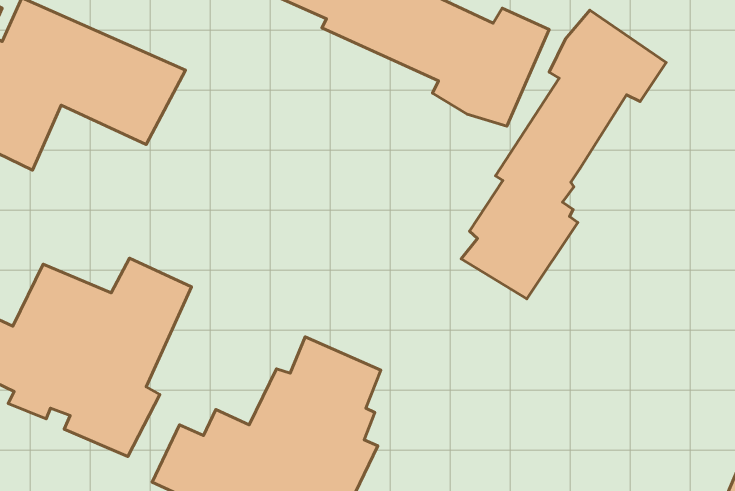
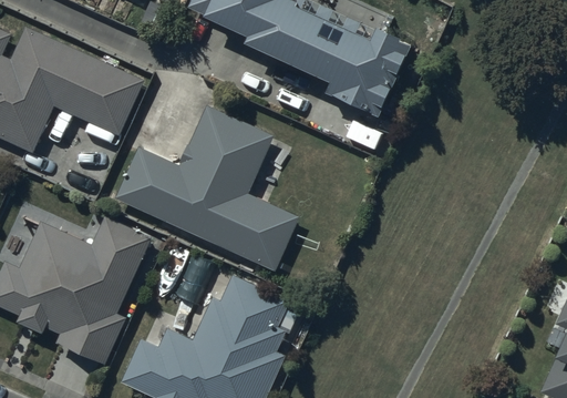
building: [461,10,666,299] -> none
building: none -> [116,104,299,268]

